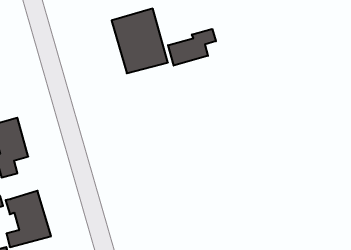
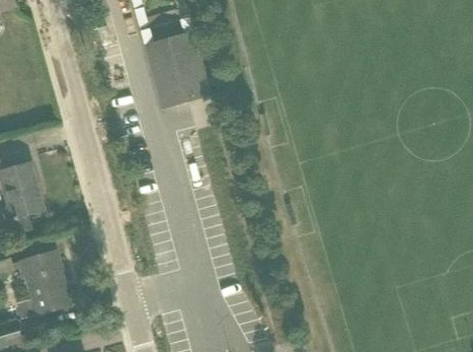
building: [168,29,216,66] -> none

